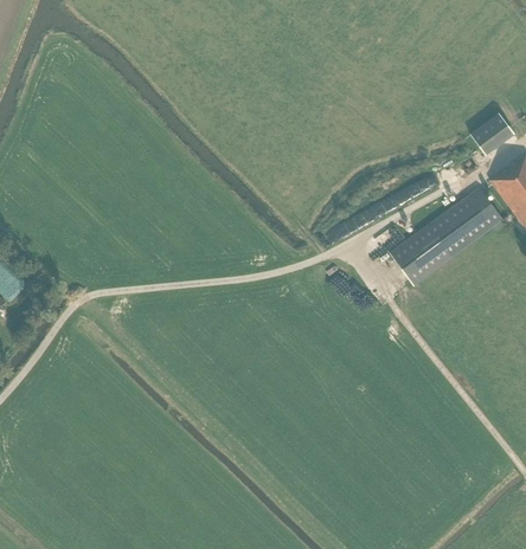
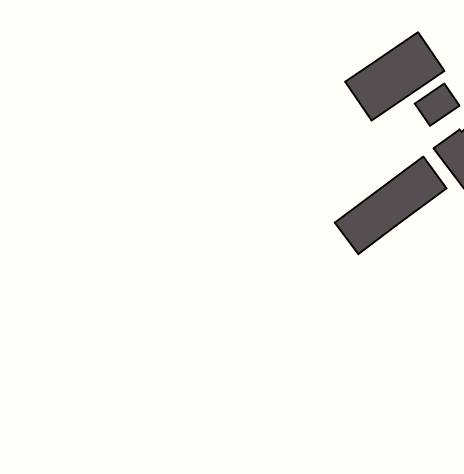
building: none -> [345,32,444,121]

